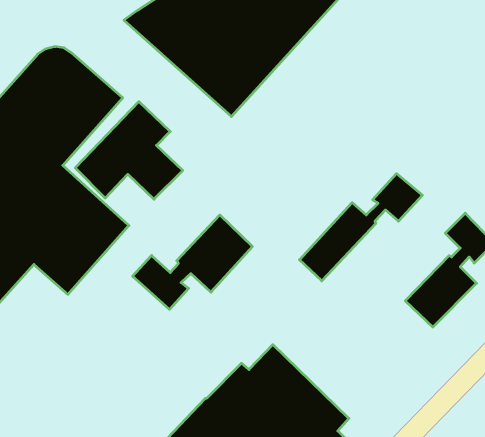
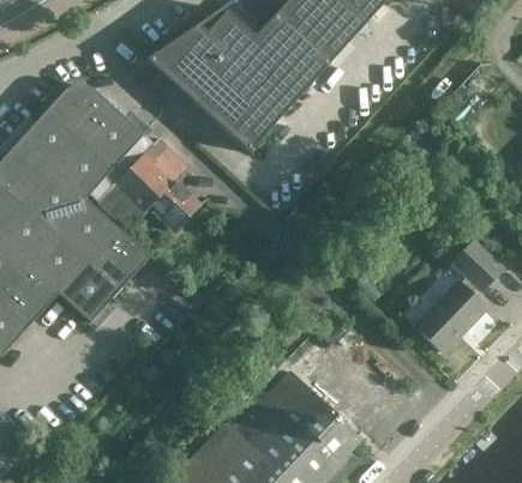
building: [299,174,422,281] -> none
building: [133,215,252,309] -> none

